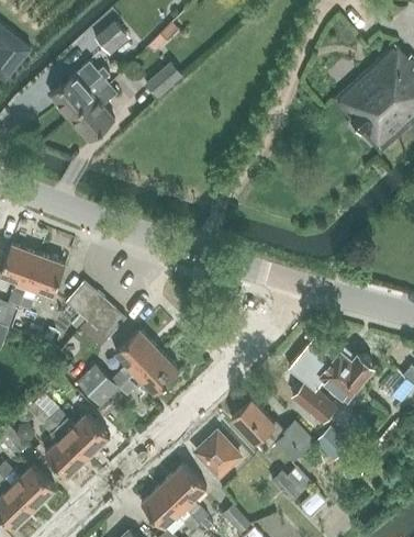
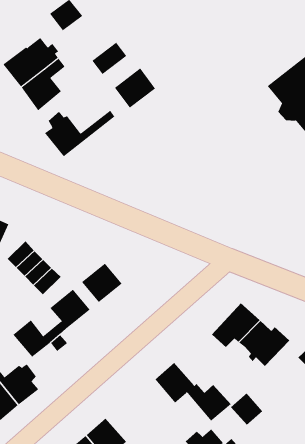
building: none -> [114,68,156,109]
building: none -> [44,110,115,157]
building: [135,350,179,393] -> [81,263,122,303]
building: [292,372,335,426] -> none
building: [197,434,240,477] -> none

